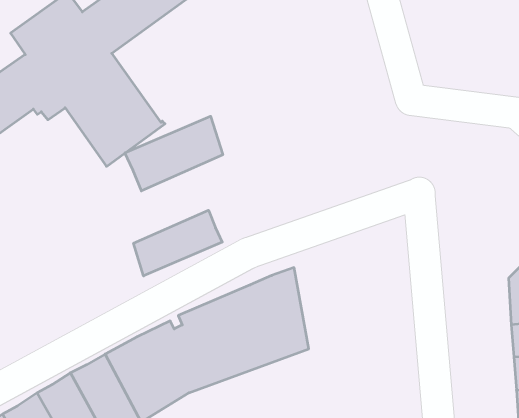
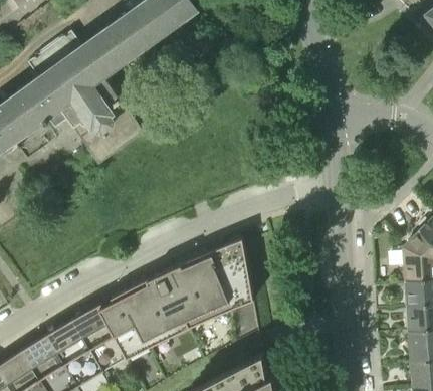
building: [125,116,223,191] -> none
building: [134,210,222,276] -> none

